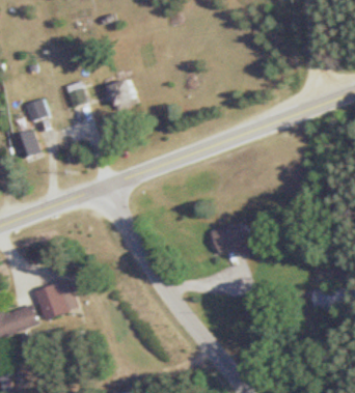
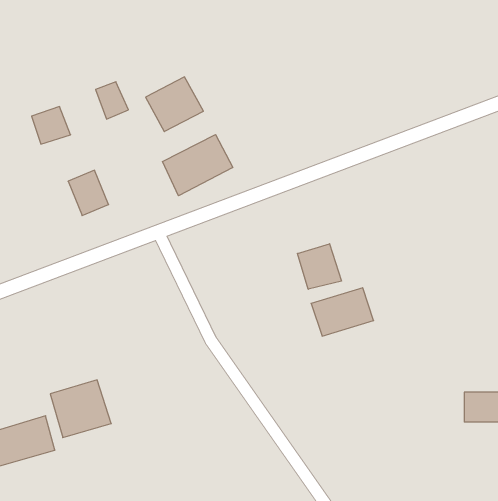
building: none -> [163,135,233,196]
building: [13,130,40,160] -> [68,170,109,216]
building: none -> [297,244,341,289]

